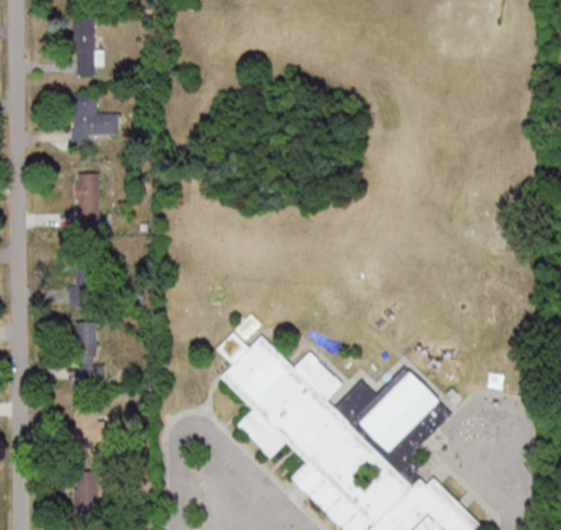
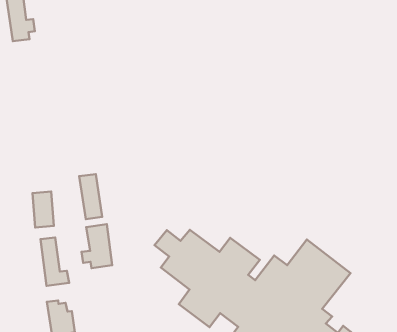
building: [70,96,117,147] -> none
building: [76,174,98,228] -> [79,174,102,219]
building: none -> [81,224,112,268]

